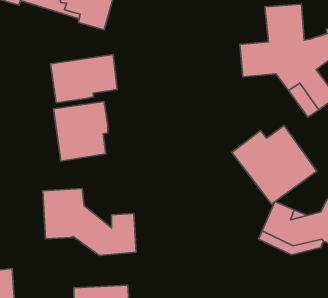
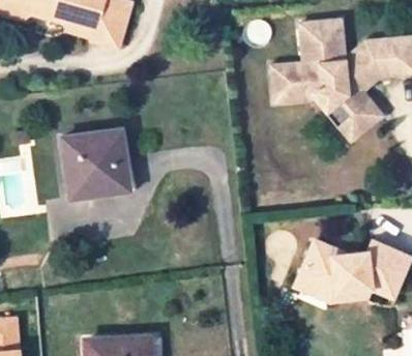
building: [51,54,117,103] -> none
building: [232,125,317,204] -> none
building: [43,189,136,256] -> none

